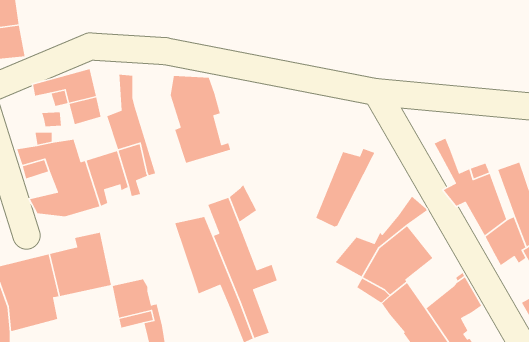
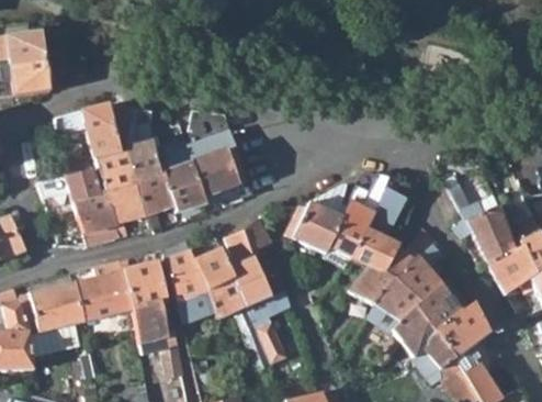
building: none -> [156,138,205,212]
building: none -> [97,149,138,192]
building: none -> [293,177,359,252]
building: none -> [348,189,406,272]
building: none -> [166,239,213,321]
building: none -> [122,259,170,313]
building: none -> [417,276,464,335]

